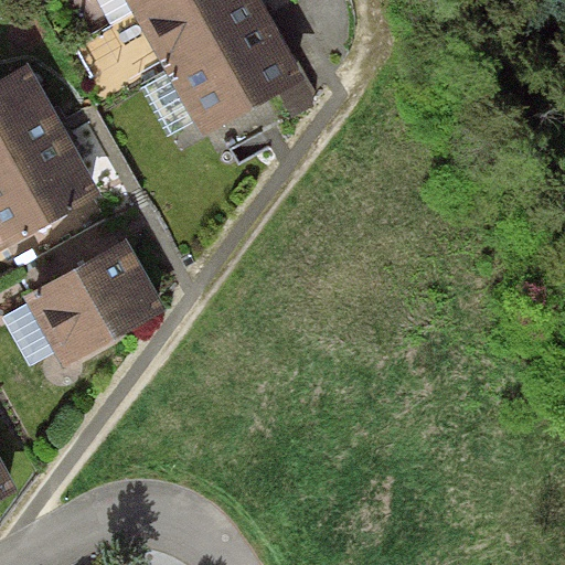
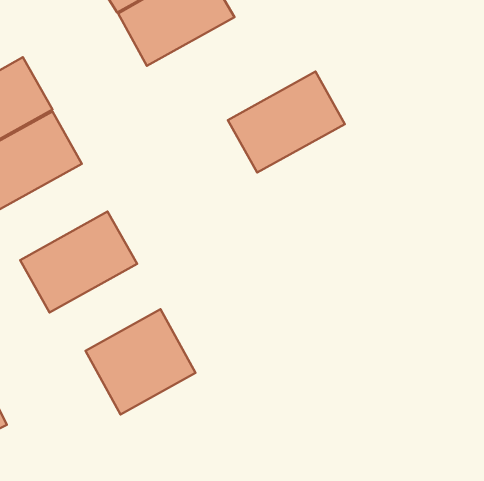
building: [171,20,307,137] -> [228,72,345,173]
building: none -> [86,309,195,414]

